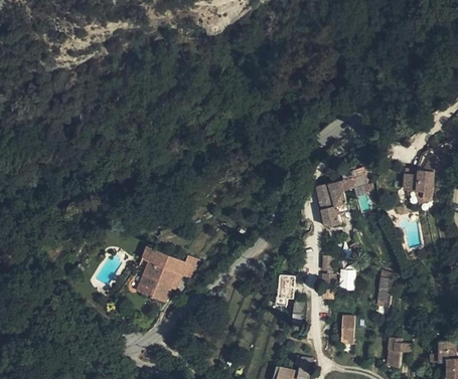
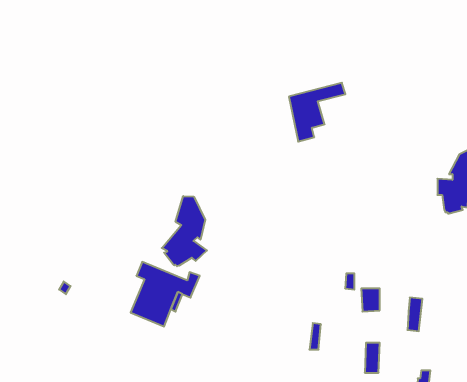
building: [317,175,366,226] -> [289,83,345,142]
building: none -> [162,196,207,266]
building: [276,275,293,304] -> none

